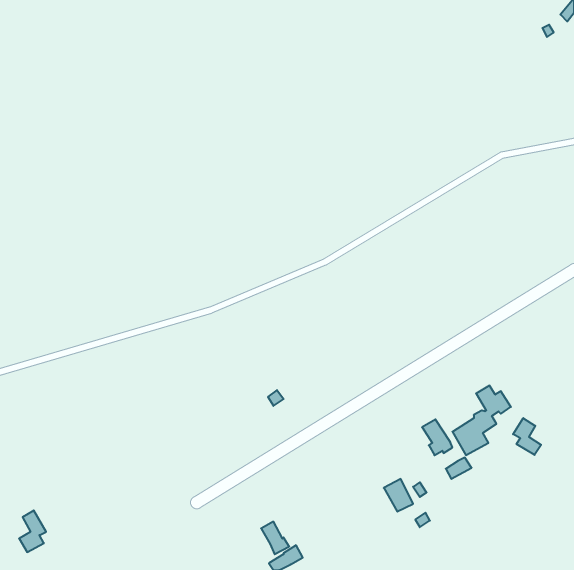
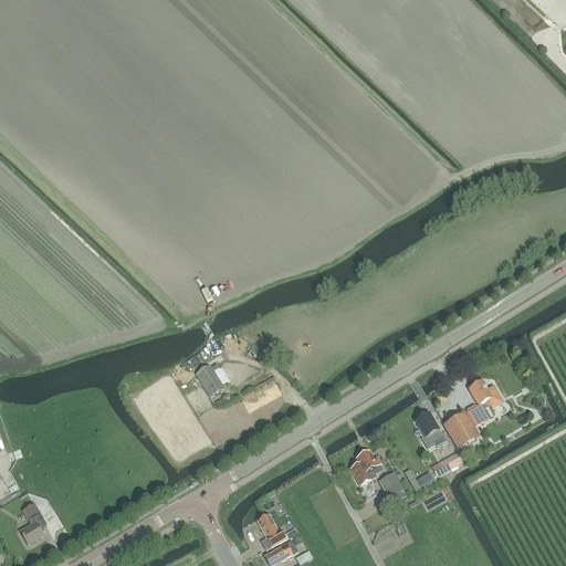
building: none -> [196,365,223,396]
building: [513,418,541,455] -> none
building: none -> [349,449,381,484]

